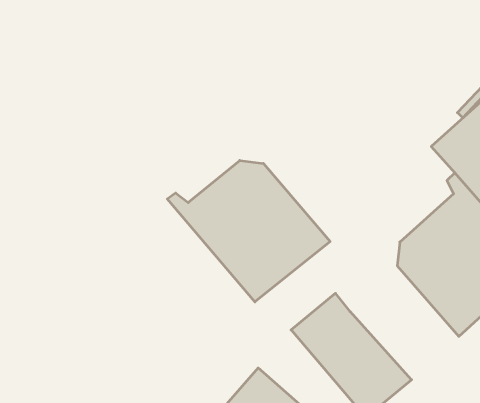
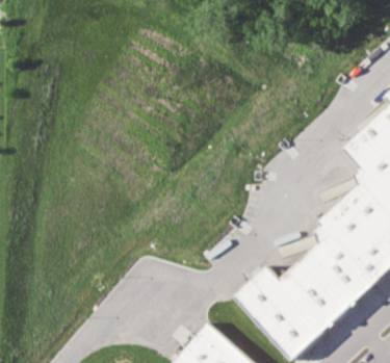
building: [167,160,330,302] -> none
building: none -> [280,240,366,331]

